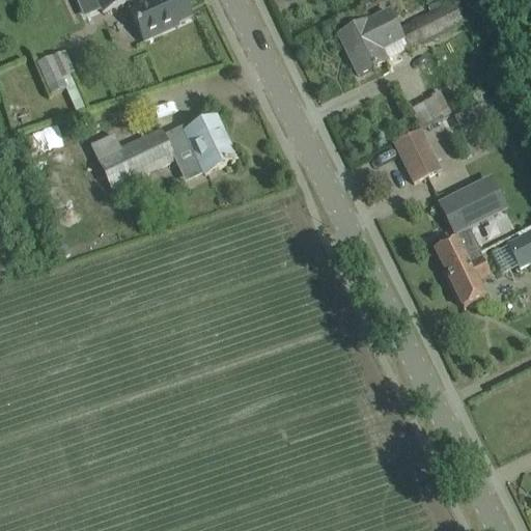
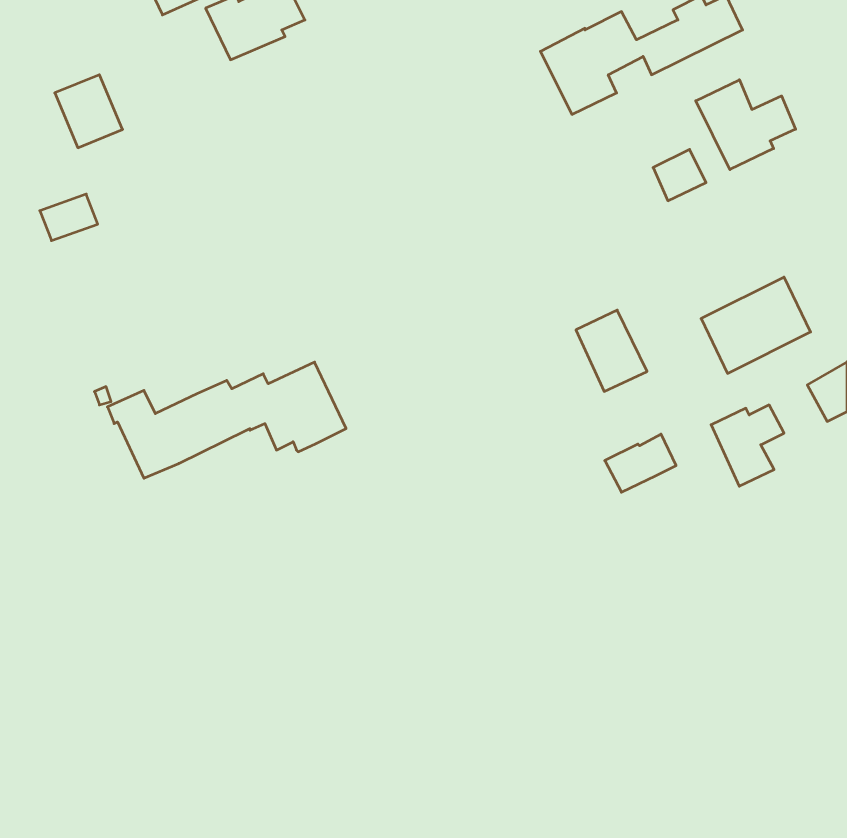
building: none -> [696,80,796,170]
building: [86,115,235,188] -> [107,362,346,478]
building: [395,130,440,180] -> [576,310,647,391]
building: [435,229,479,266] -> [605,434,676,492]

